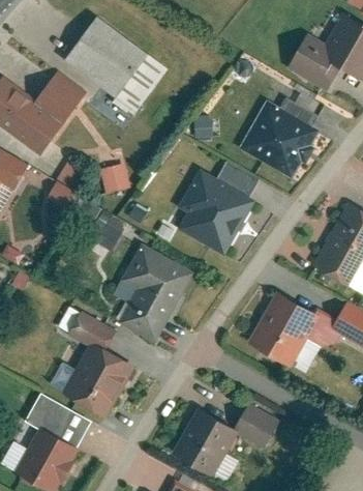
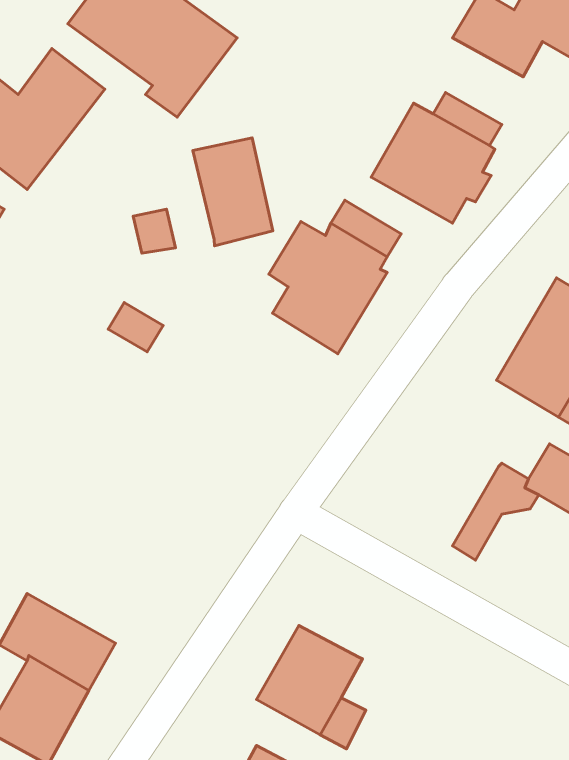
building: none -> [193,138,273,246]
building: [43,163,83,208] -> none
building: [120,244,191,339] -> none
building: [250,295,315,364] -> none
building: [63,311,130,414] -> none
building: [234,407,275,444] -> none

